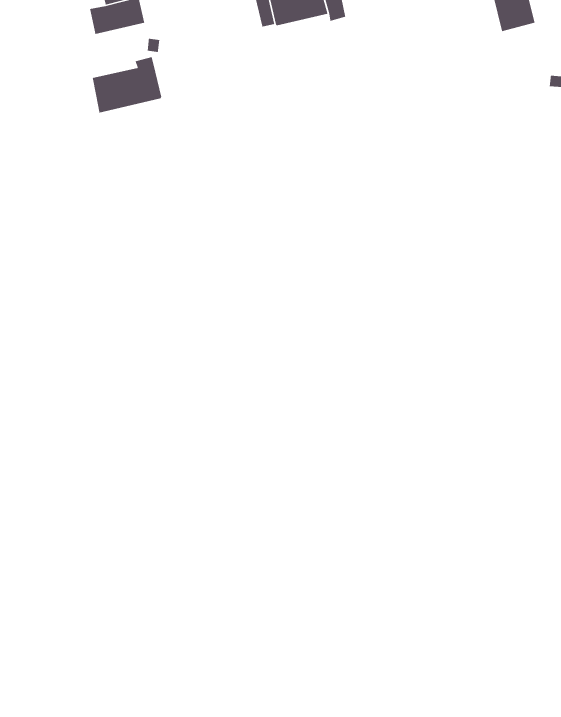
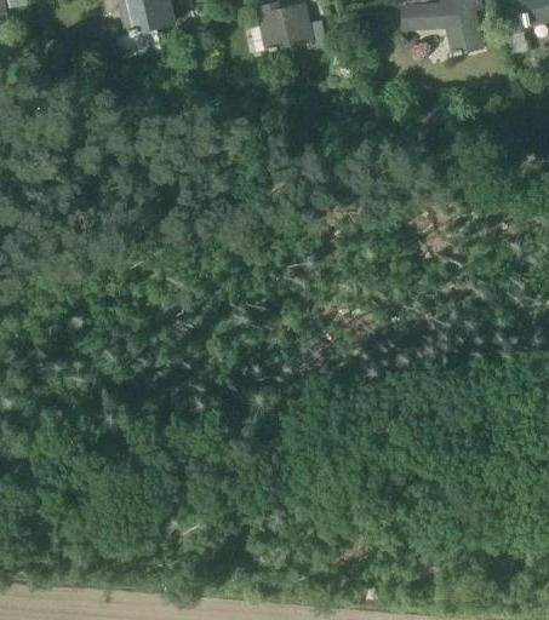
building: [92,56,162,114] -> none

